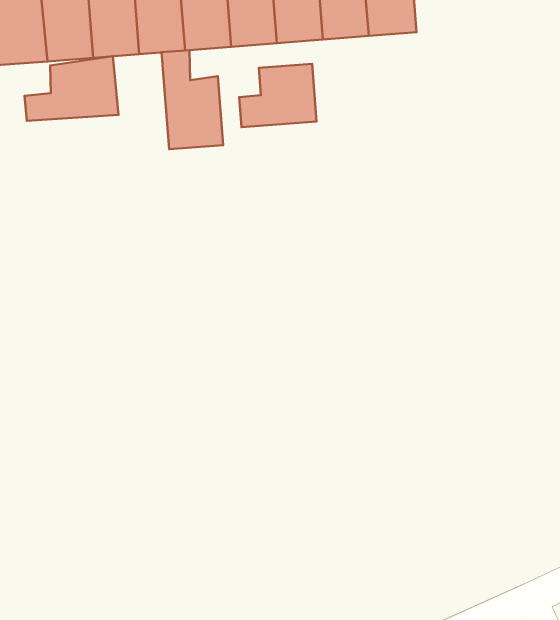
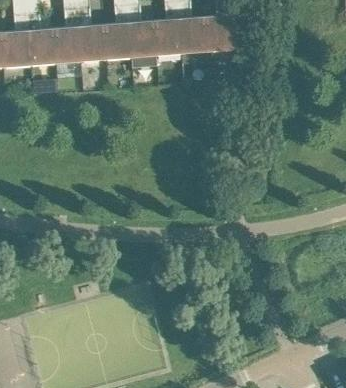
building: [161,50,223,149] -> none
building: [25,56,119,121] -> none
building: [239,64,317,127] -> none

